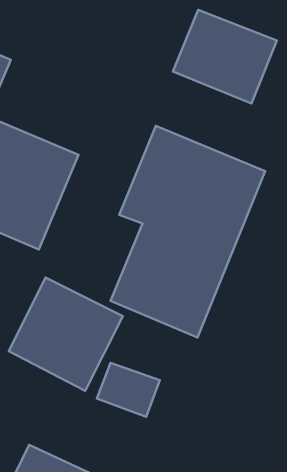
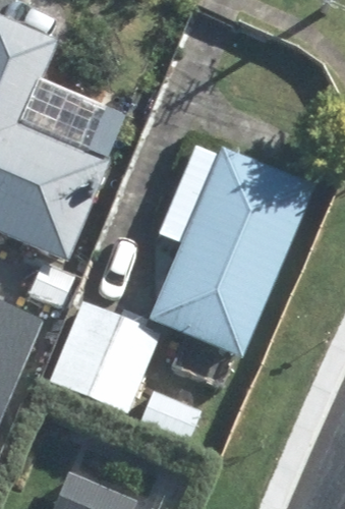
building: [173,10,277,104] -> none

